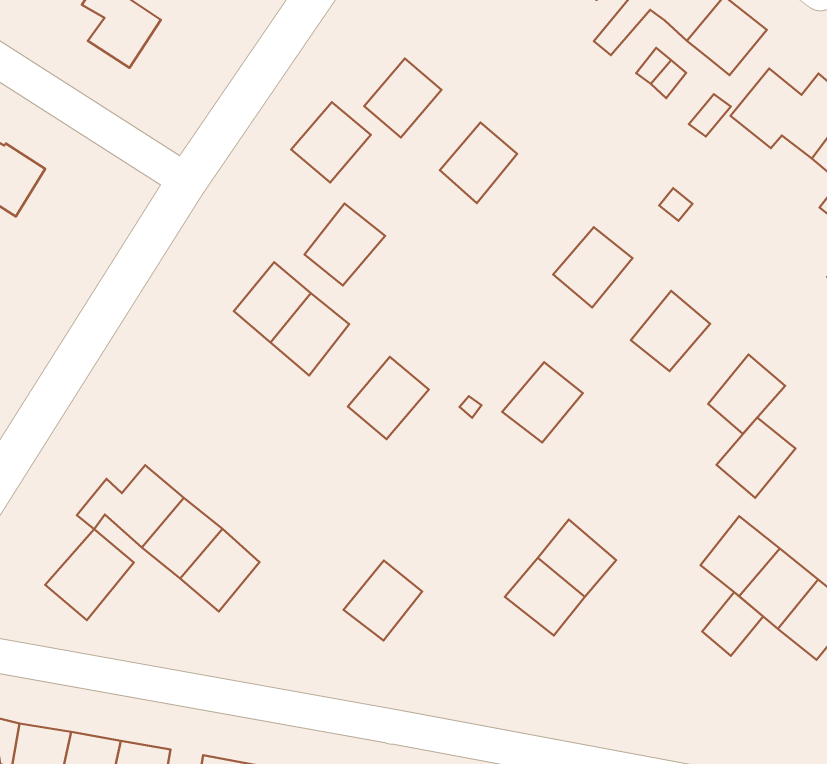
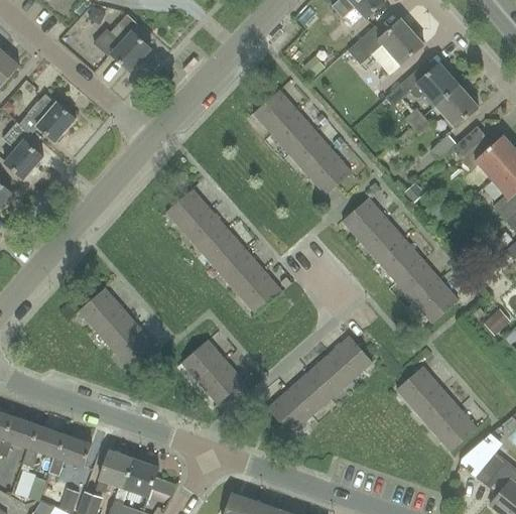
building: [291,102,371,182] -> [272,111,316,154]
building: none -> [307,152,352,196]
building: [304,203,385,285] -> [202,230,247,274]
building: none -> [361,219,405,263]
building: [502,362,583,443] -> [238,272,283,315]
building: [716,417,796,498] -> [397,261,441,304]
building: none -> [330,337,373,381]
building: none -> [181,340,226,384]
building: [45,529,134,620] -> none
building: [702,592,763,656] -> none
building: none -> [268,391,311,434]

